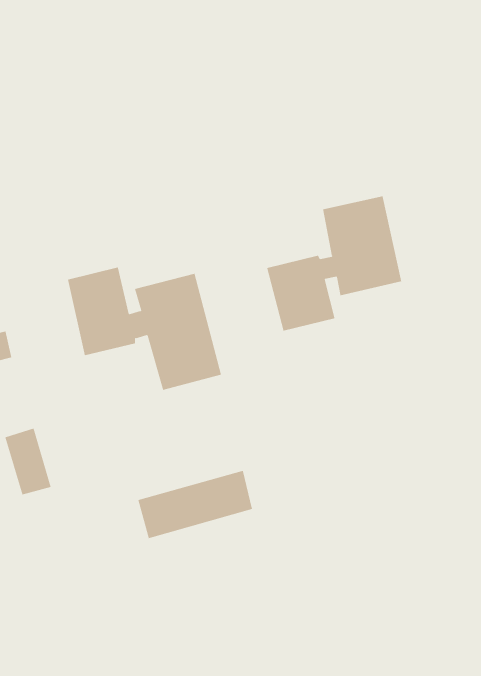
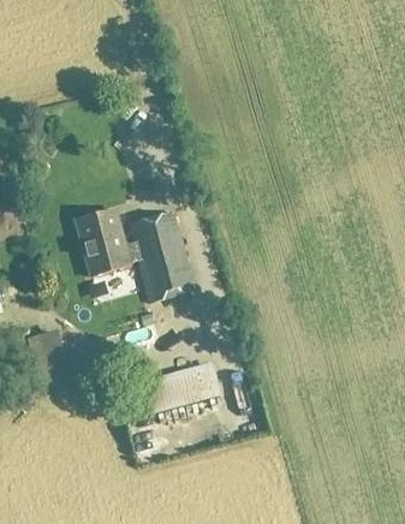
building: [266,195,402,331] -> none

